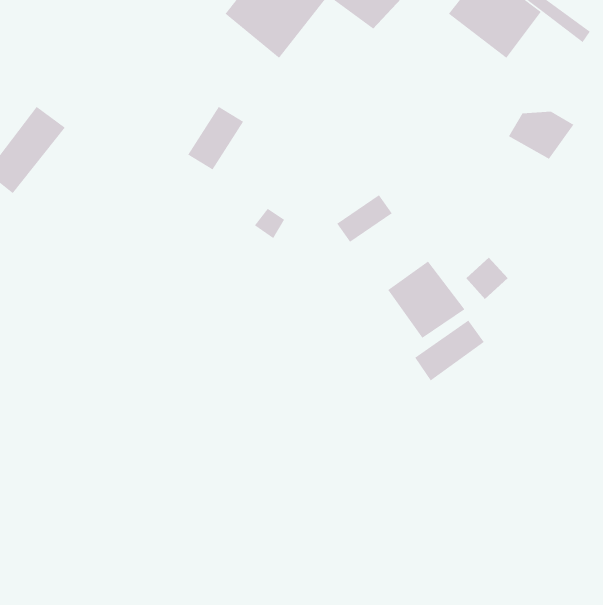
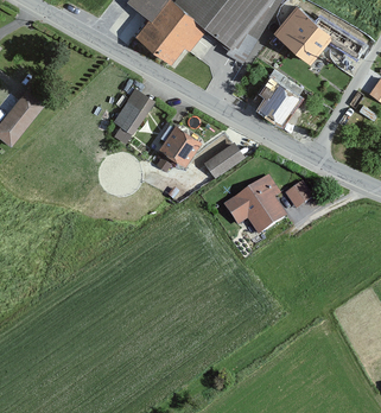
building: [508,111,575,160] -> [255,84,296,114]
building: none -> [163,127,198,161]
building: [414,319,485,382] -> none

